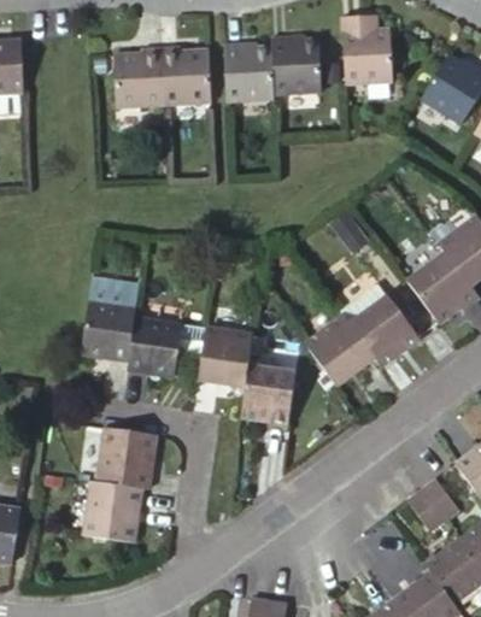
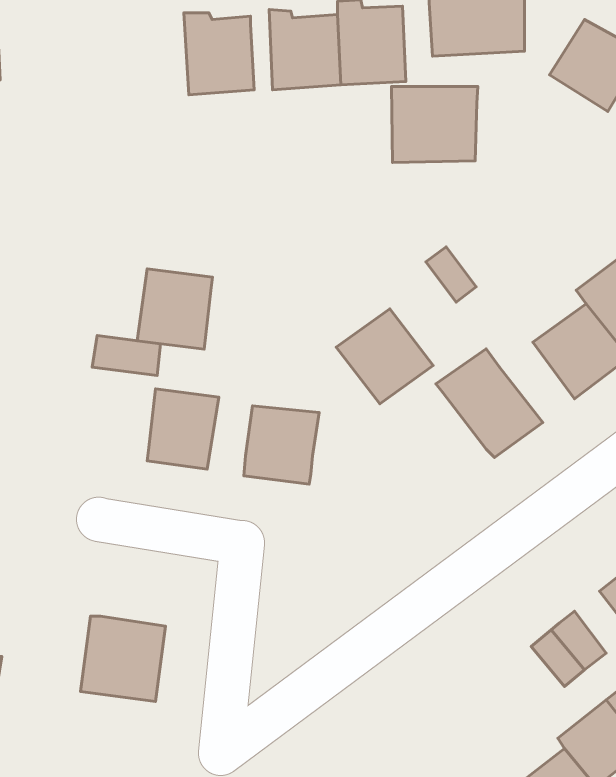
building: [111,46,159,107] -> none
building: none -> [391,87,478,162]
building: [82,301,136,359] -> [137,269,212,349]
building: [304,319,374,388] -> [336,309,433,404]
building: [241,365,292,423] -> none
building: [95,425,159,489] -> none

